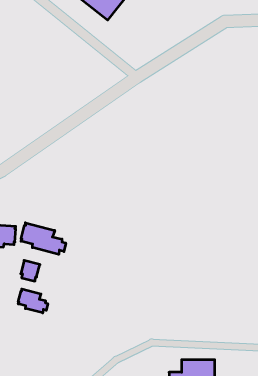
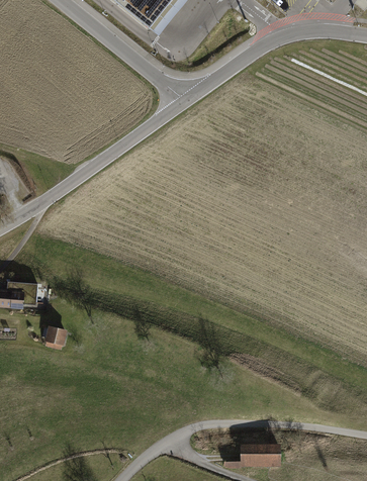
building: [21,223,66,254] -> none
building: [18,289,48,313] -> none

